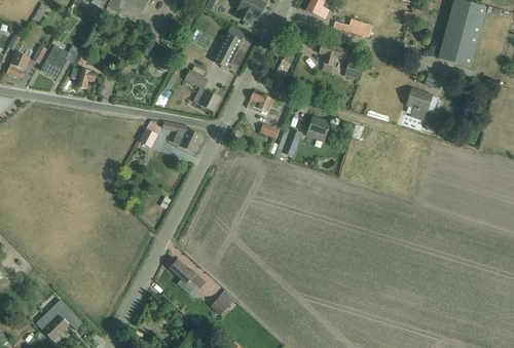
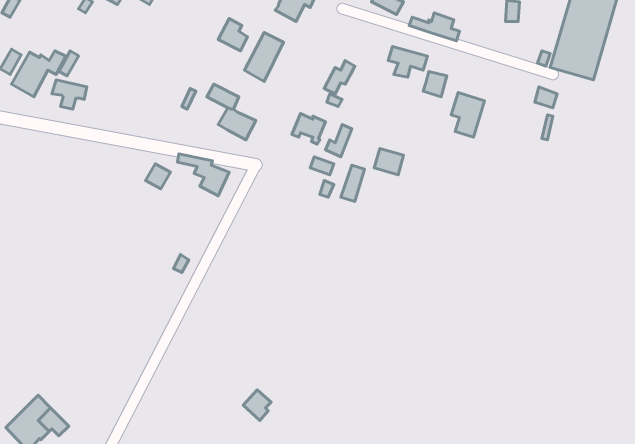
building: [407,87,432,120] -> [451,92,485,137]
building: [169,259,206,297] -> none

